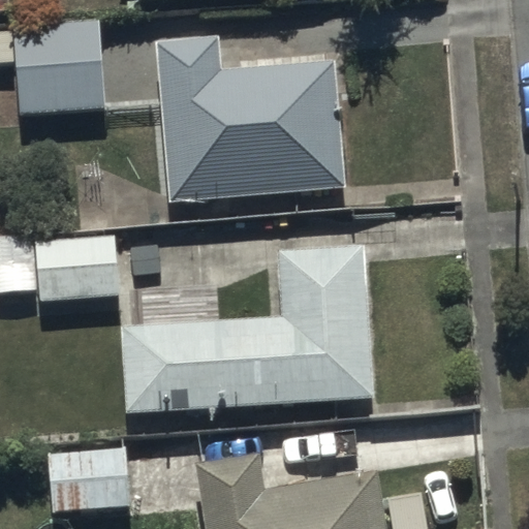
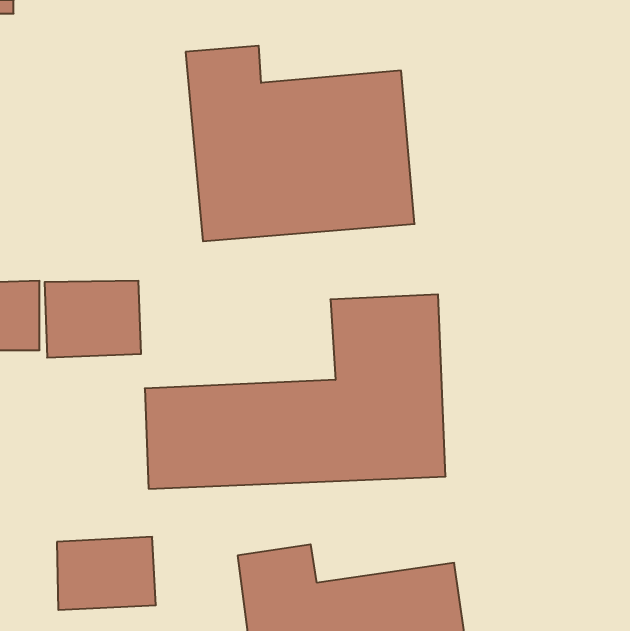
building: [12,23,104,116] -> none

